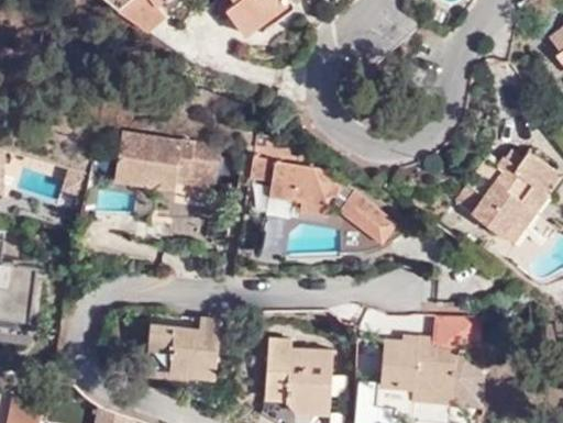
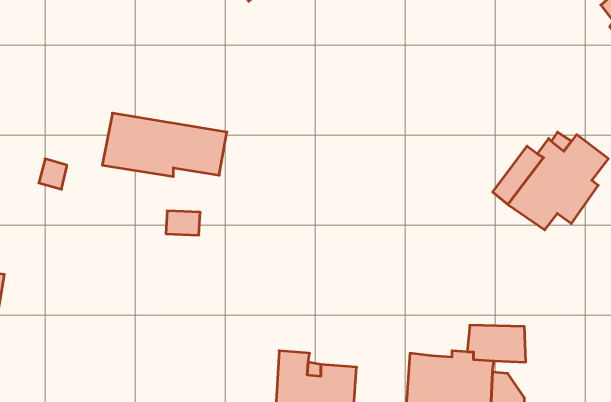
building: [251,135,397,245] -> none
building: [143,318,218,375] -> none

